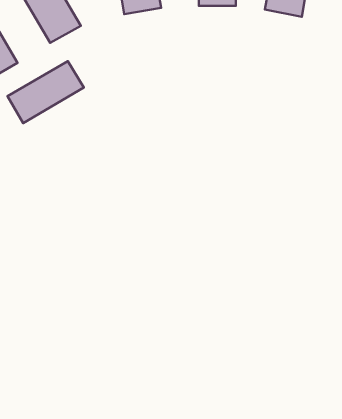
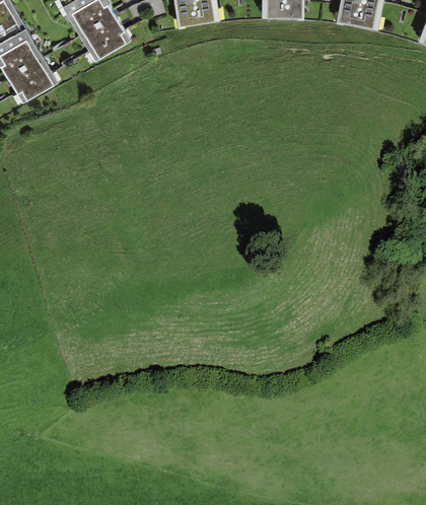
building: [8,61,84,123] -> none

